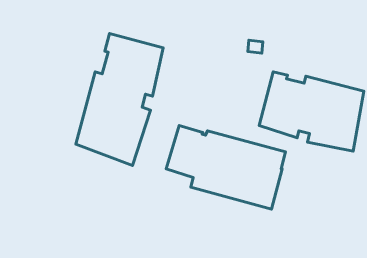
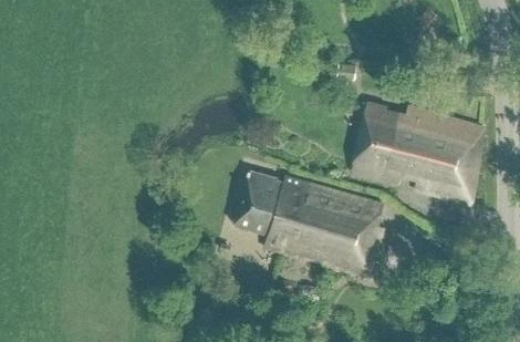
building: [76,34,163,165] -> none

